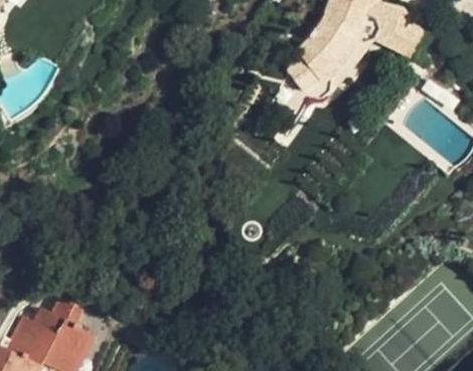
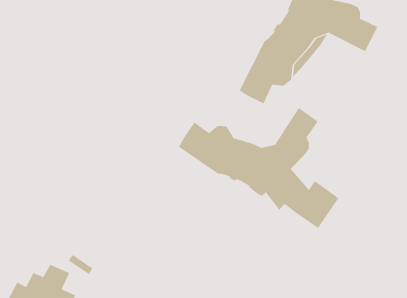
building: none -> [178,107,339,229]

